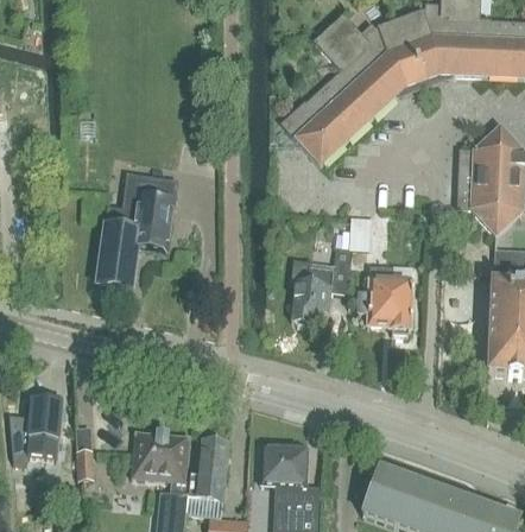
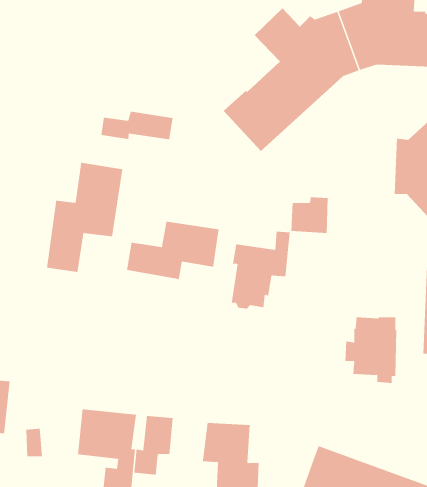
building: none -> [101,111,173,140]
building: none -> [126,221,219,280]
building: [358,266,412,335] -> [344,317,397,383]

